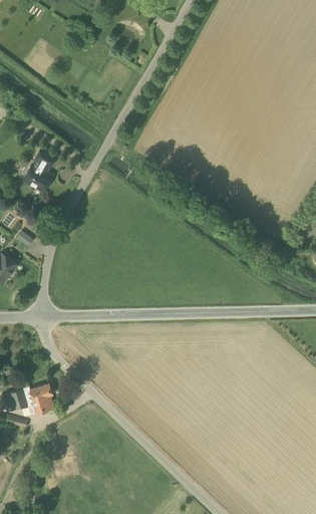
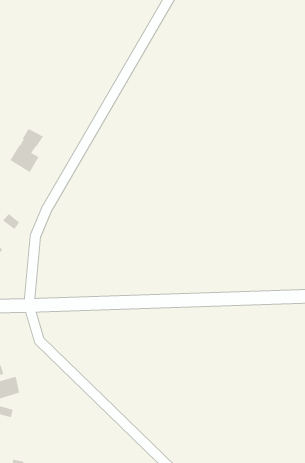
building: [30,383,53,413] -> none

